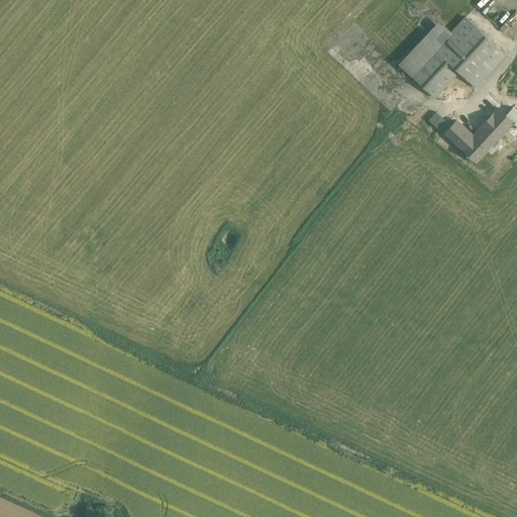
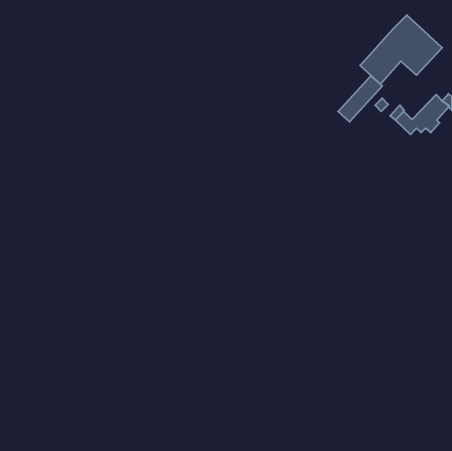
building: [398,23,448,76] -> [338,76,382,122]

